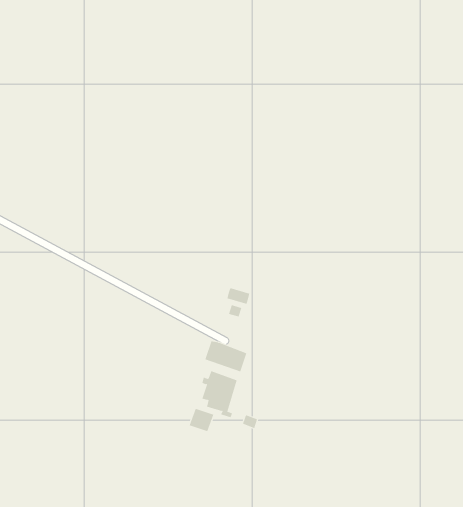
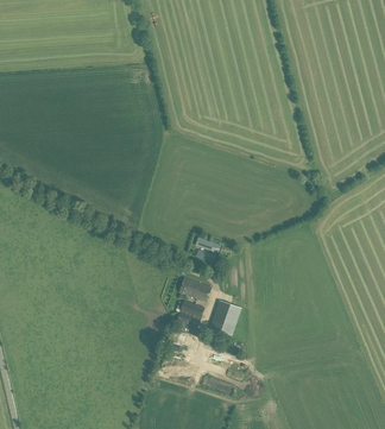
building: none -> [210,299,242,332]

